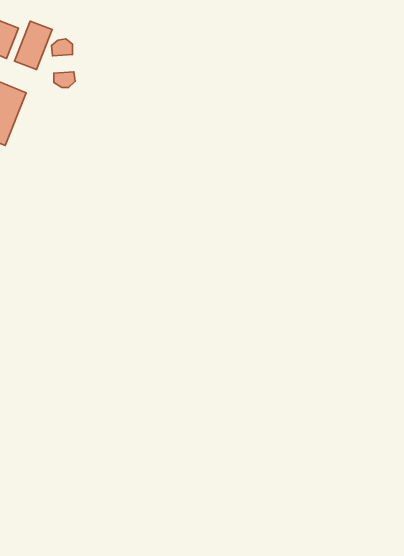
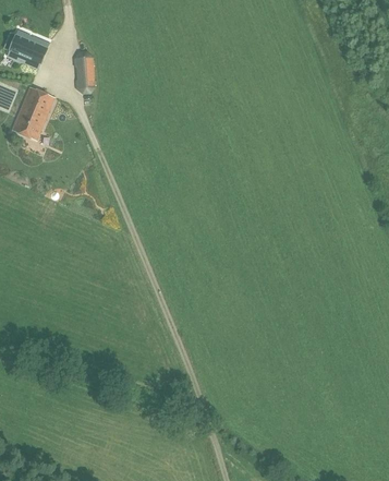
building: [14,21,52,70] -> none

